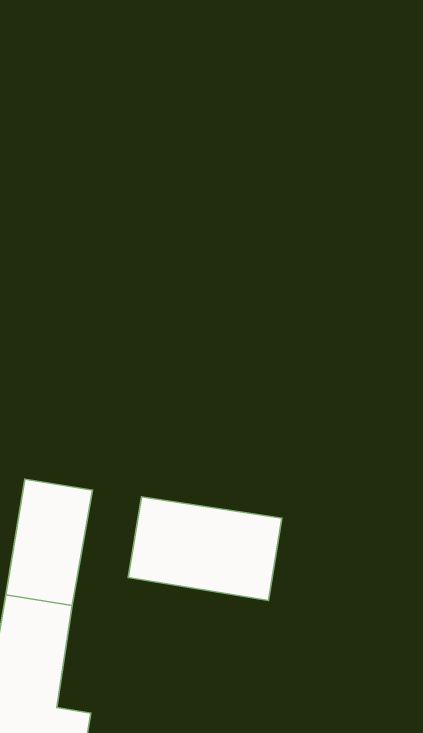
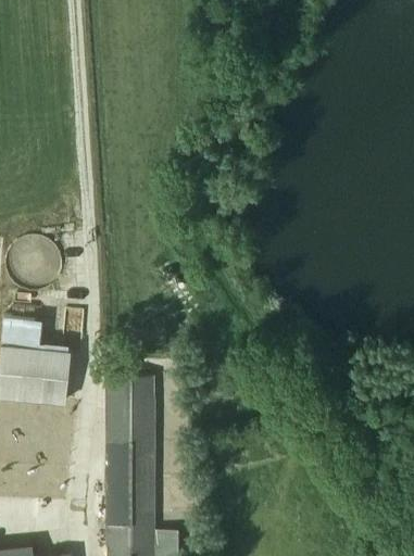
building: [128,497,282,600] -> none

